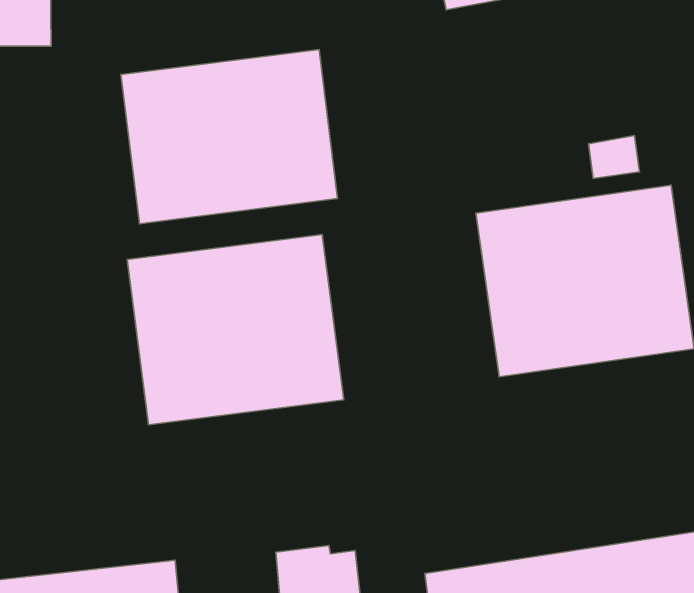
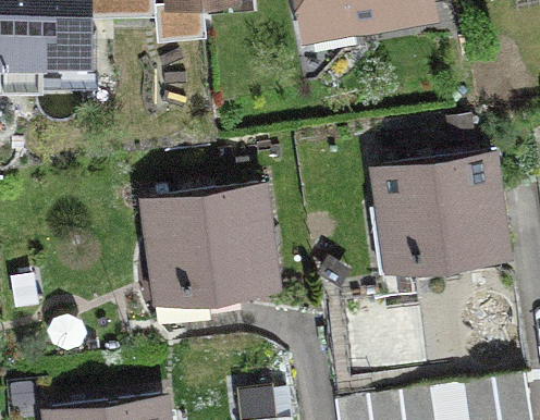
building: [121,49,338,224] -> none

